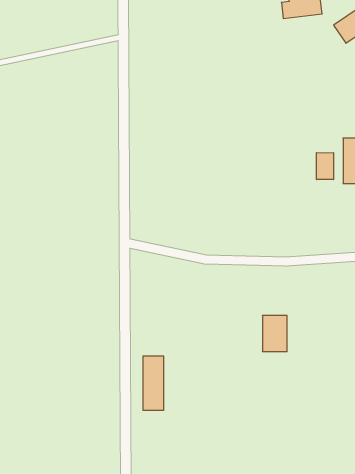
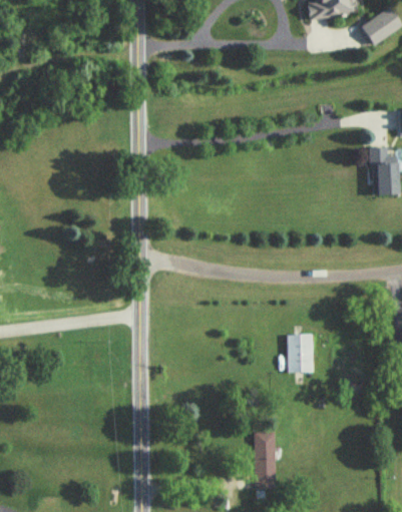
building: [317,153,333,180] -> none
building: [143,356,164,410] -> [253,432,275,489]

